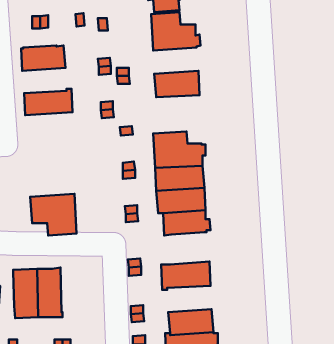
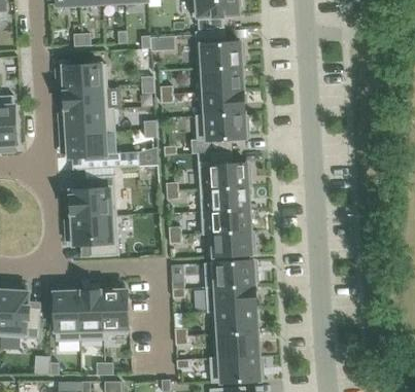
building: none -> [197,65,243,92]
building: none -> [63,85,108,111]
building: none -> [195,113,248,140]
building: none -> [66,131,139,169]
building: none -> [69,175,116,217]
building: none -> [204,259,257,286]
building: none -> [102,289,128,334]
building: none -> [211,308,256,334]

